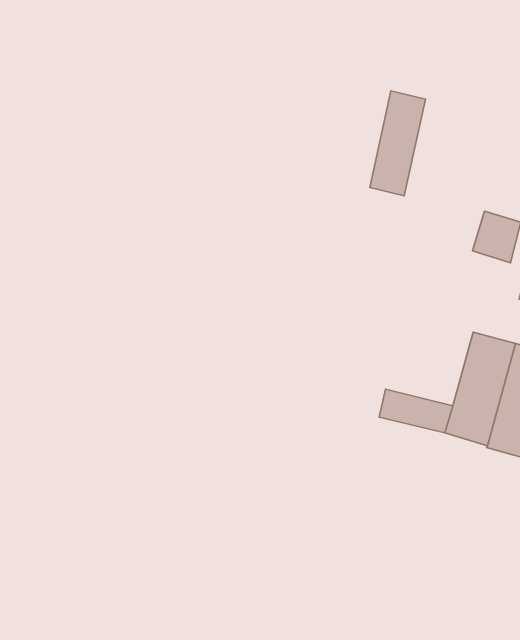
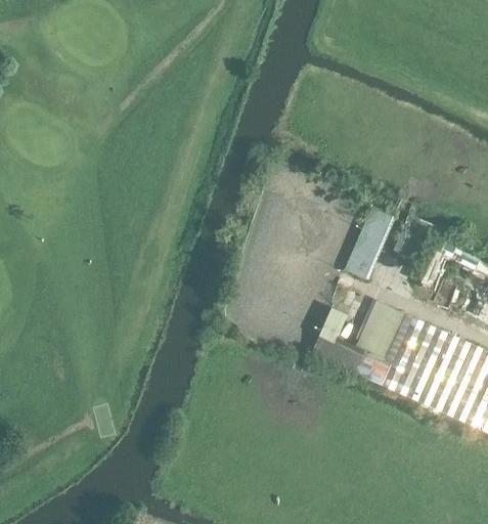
building: [370,91,425,196] -> [346,204,393,276]

